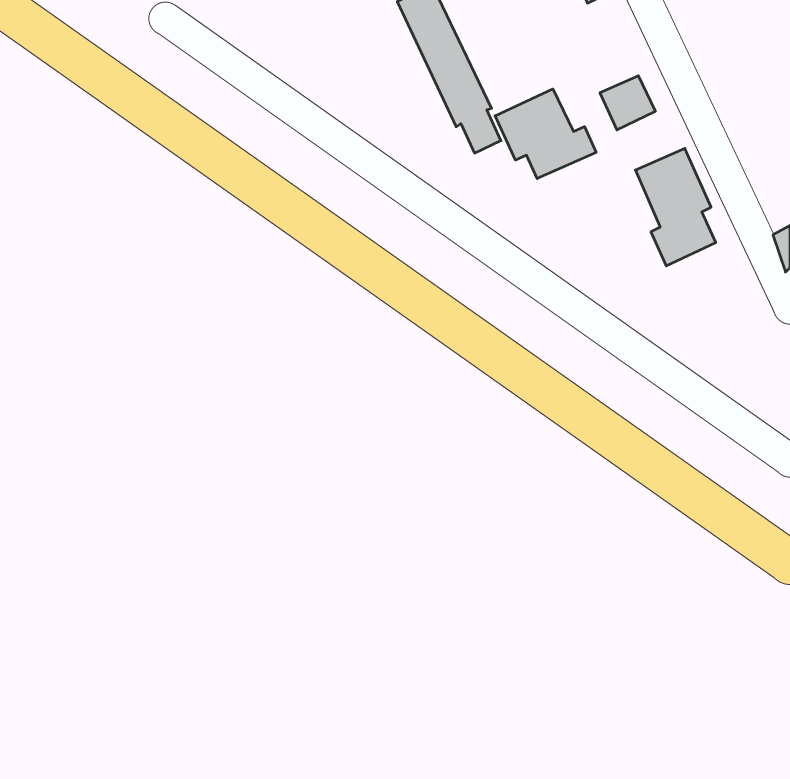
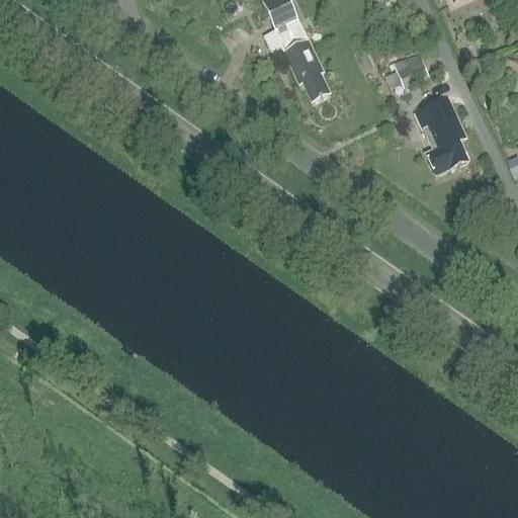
building: [495,89,596,179] -> none

